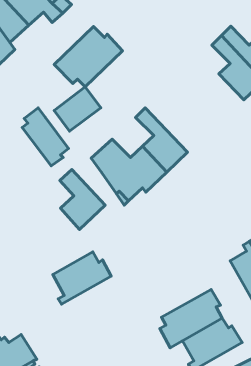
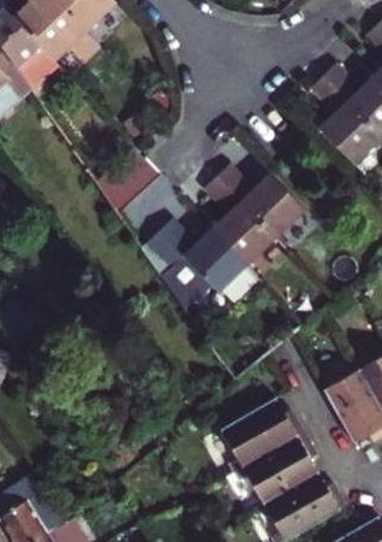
building: [54,26,122,87] -> none
building: none -> [216,164,304,237]
building: [22,108,68,166] -> none
building: [60,170,105,230] -> none
building: [53,252,111,304] -> [227,394,307,466]

